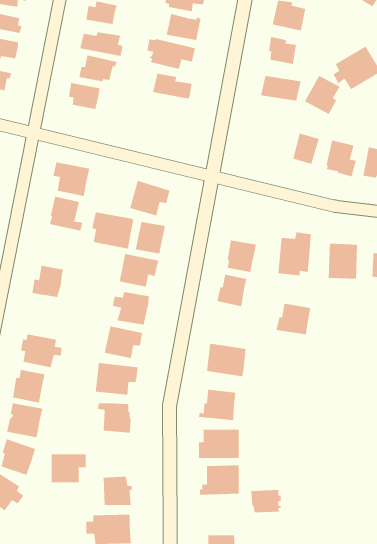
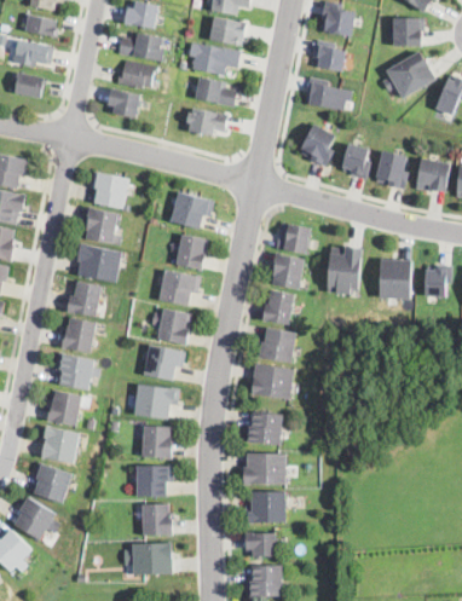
building: none -> [393,17,425,44]
building: [304,75,341,115] -> [298,122,336,164]
building: none -> [186,108,227,135]
building: [92,212,134,249] -> [76,243,121,283]
building: none -> [277,225,310,254]
building: none -> [60,317,94,353]
building: [276,303,311,335] -> [258,328,295,362]
building: [51,453,87,483] -> [135,466,173,497]
building: [251,489,282,513] -> [244,532,277,557]

